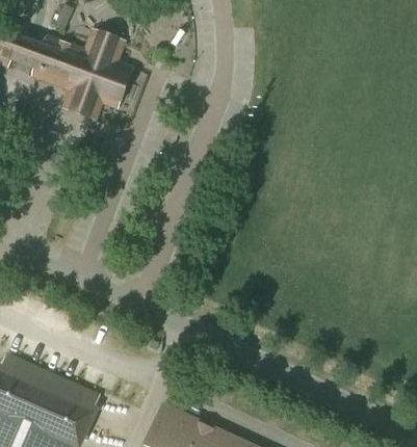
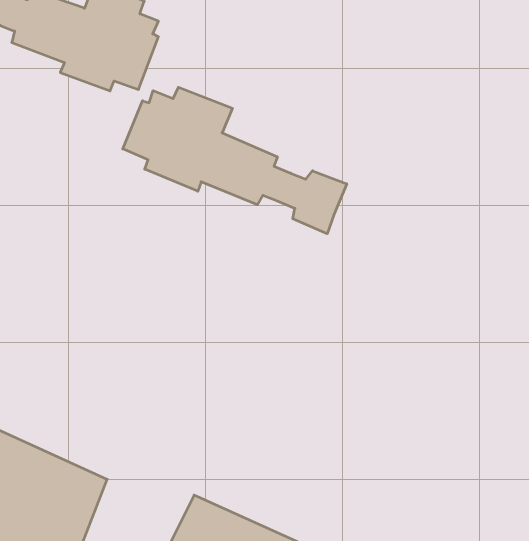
building: none -> [123,87,347,234]

